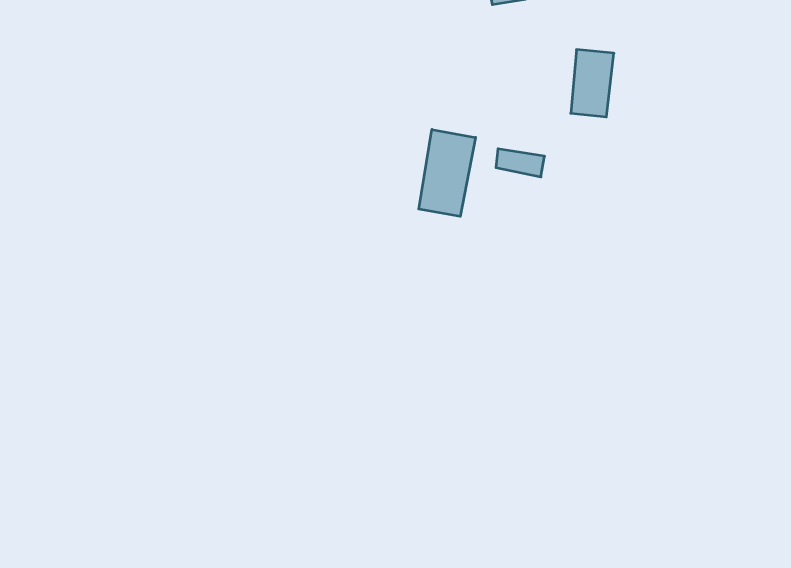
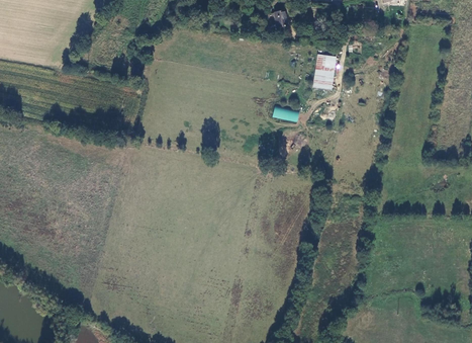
building: [419,129,476,216] -> none

